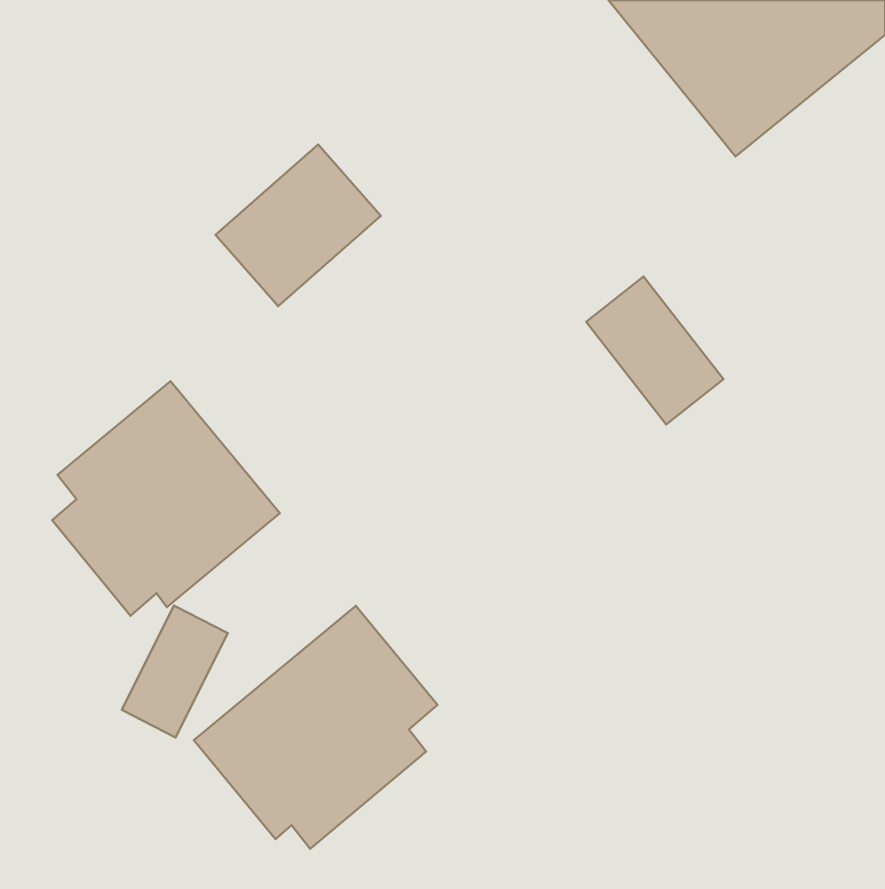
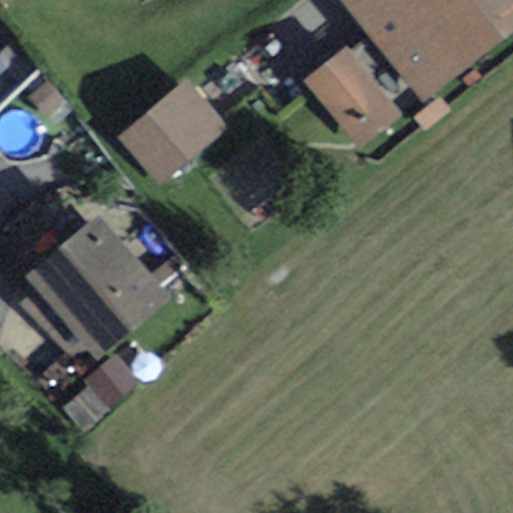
building: [586,277,724,424] -> [311,51,390,136]
building: [194,606,438,849] -> none

